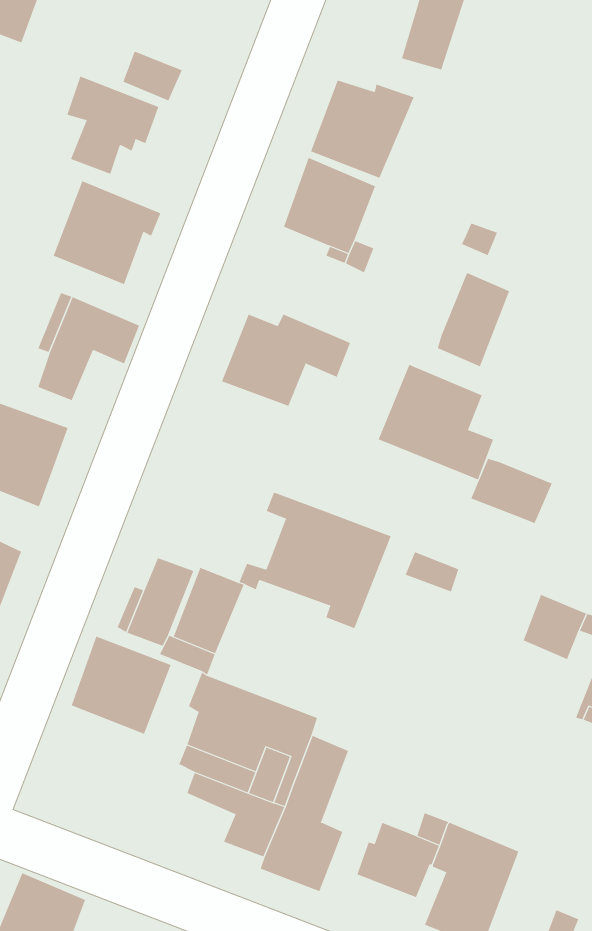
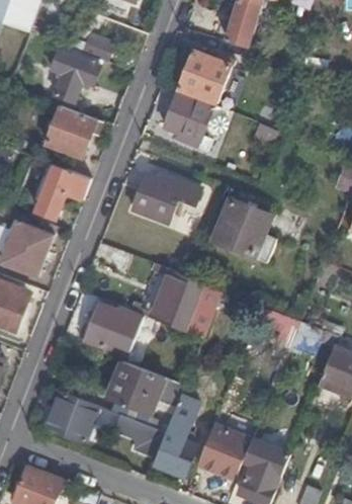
building: [437,272,510,367] -> none
building: [471,458,552,524] -> none
building: [71,636,171,734] -> [45,390,97,441]

